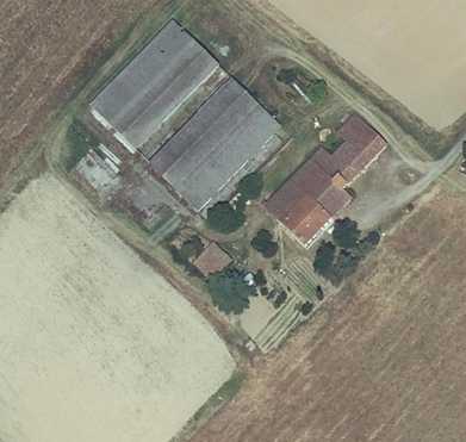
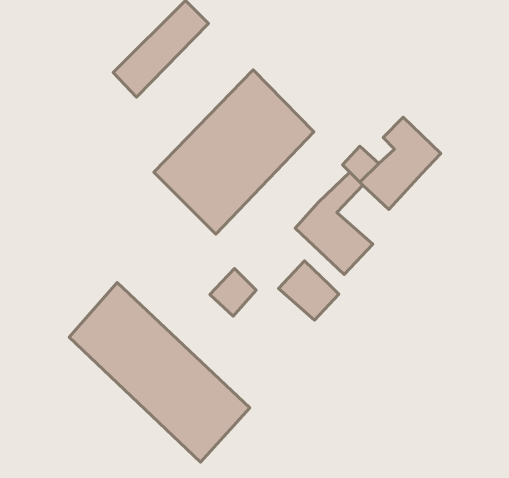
building: [91,38,218,149] -> none
building: [299,172,349,220] -> [278,261,339,320]
building: none -> [69,282,250,462]

